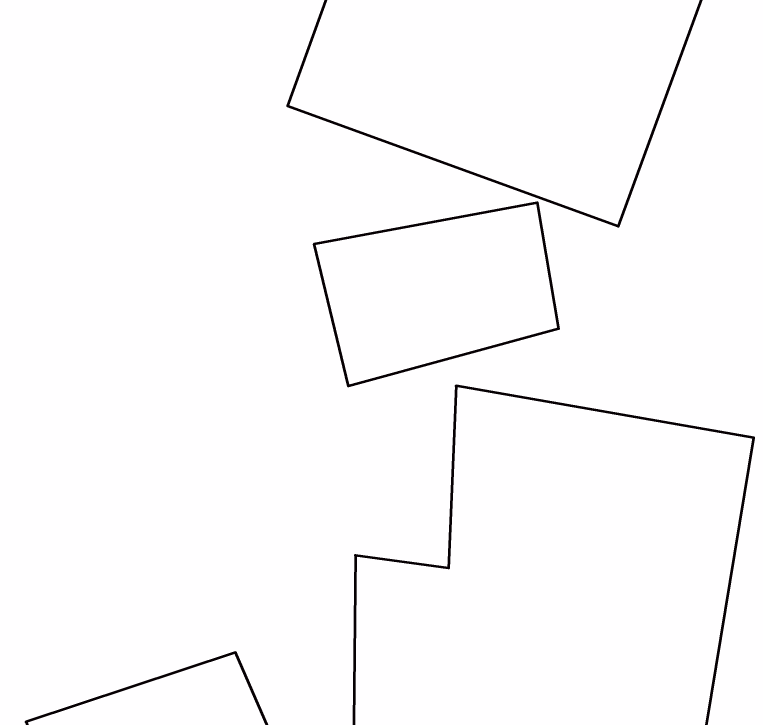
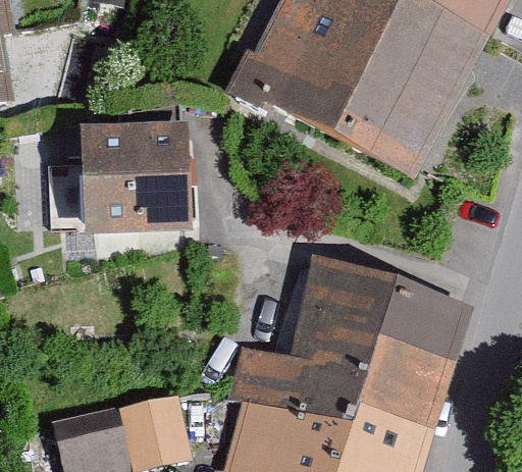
building: none -> [82,124,201,240]
building: [314,203,559,386] -> none

